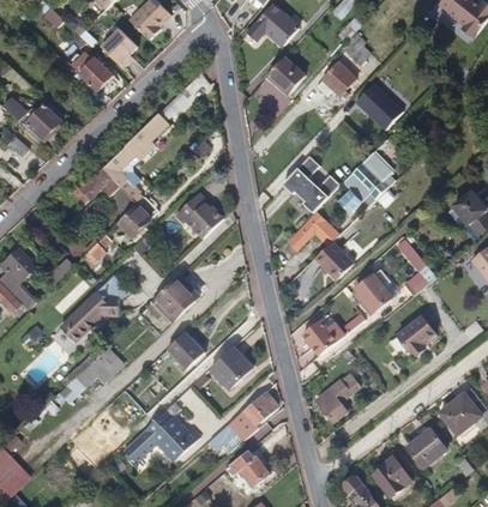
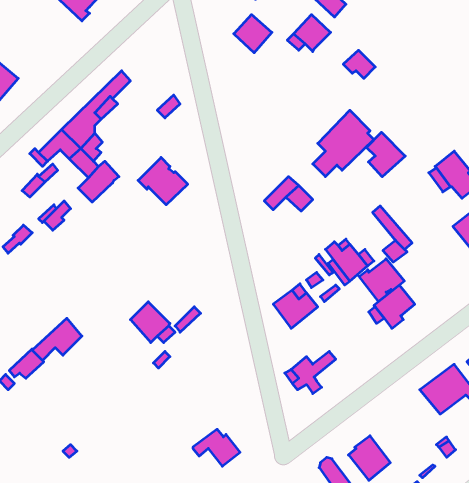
building: [72,52,113,90] -> none
building: [287,151,344,209] -> none
building: none -> [366,132,405,177]
building: [315,241,353,278] -> none
building: [155,273,200,319] -> none
building: [61,274,132,339] -> none
building: none -> [359,259,404,301]
building: [206,349,249,392] -> none
building: [206,392,277,451] -> none
building: [120,414,195,466] -> none
building: [406,428,446,466] -> none

